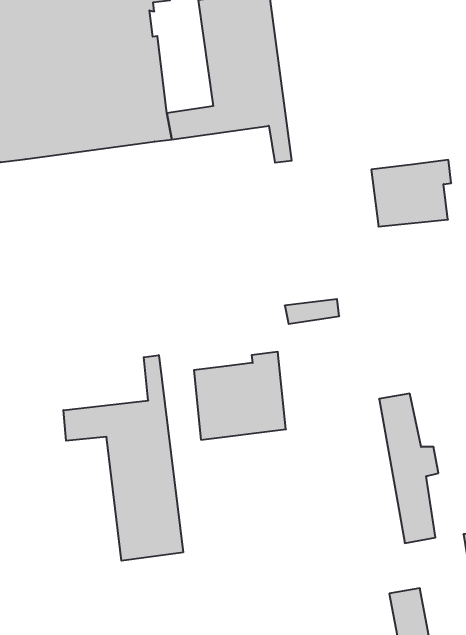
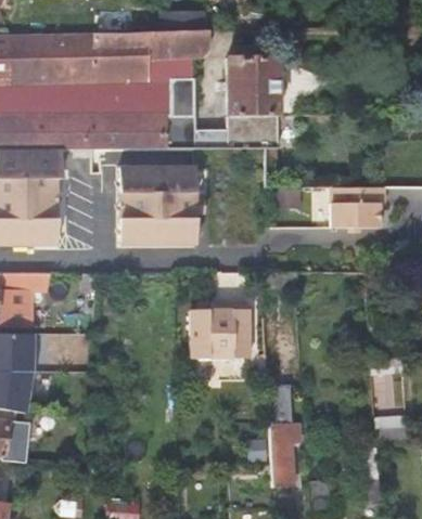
building: none -> [119,167,206,245]
building: [63,355,183,561] -> none
building: [379,394,438,543] -> [266,384,300,486]

